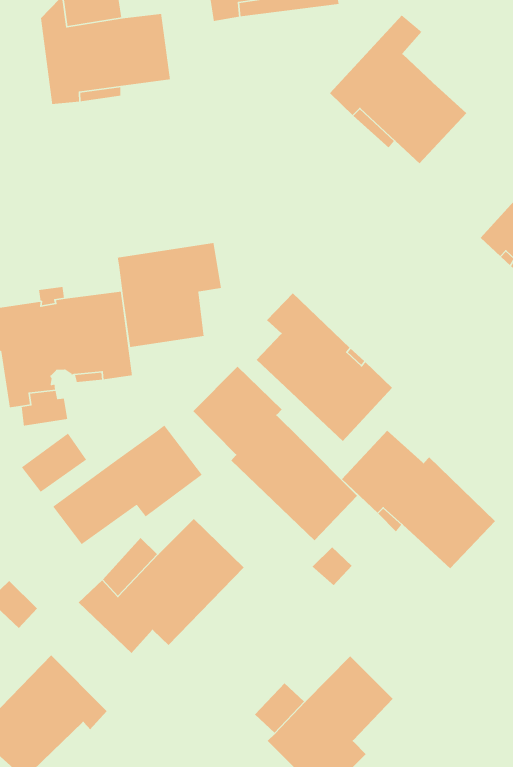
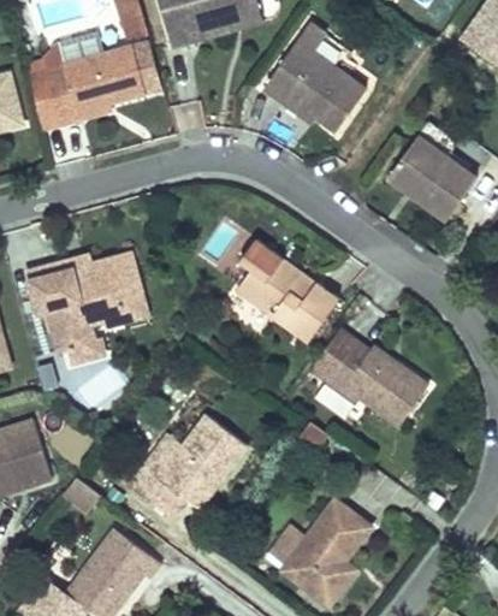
building: [117,242,222,348] -> none
building: [192,366,358,541] -> none
building: [52,425,203,545] -> none

